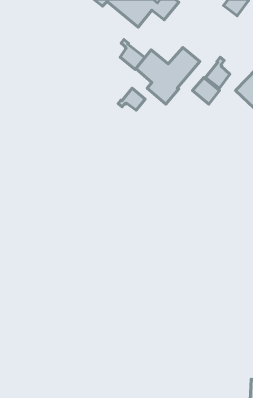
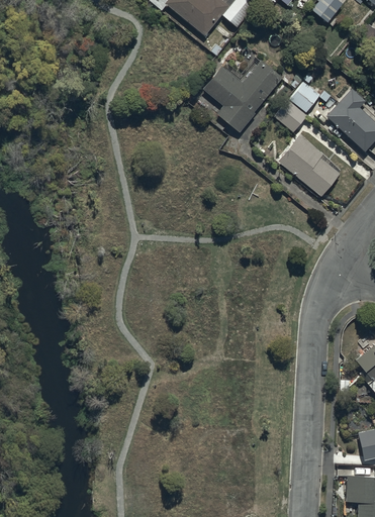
building: [120,40,145,69] -> none
building: [118,88,145,110] -> none
building: none -> [277,134,340,196]

